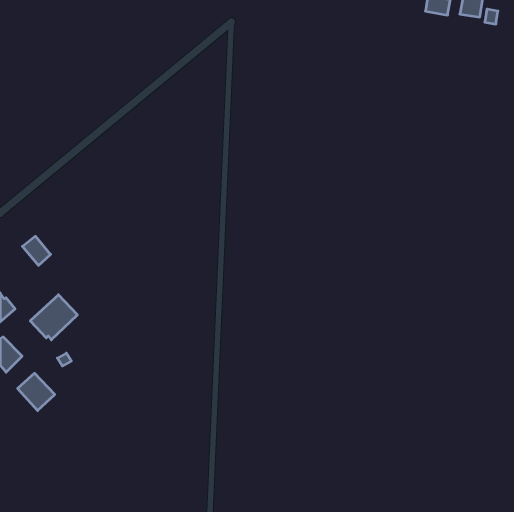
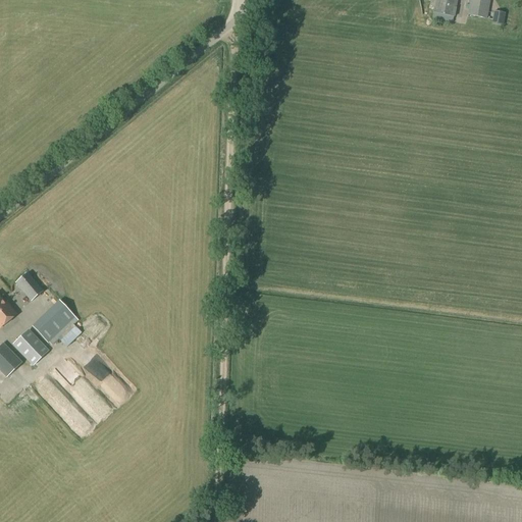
building: [22,236,51,265] -> [14,271,43,301]
building: [18,373,55,411] -> [11,327,49,365]

